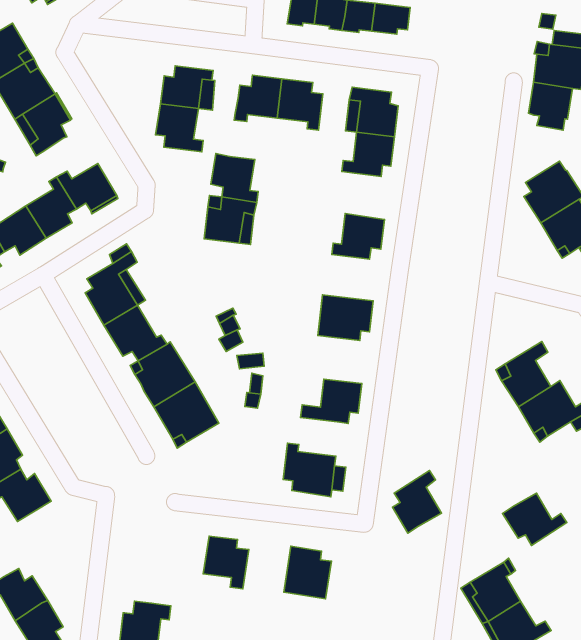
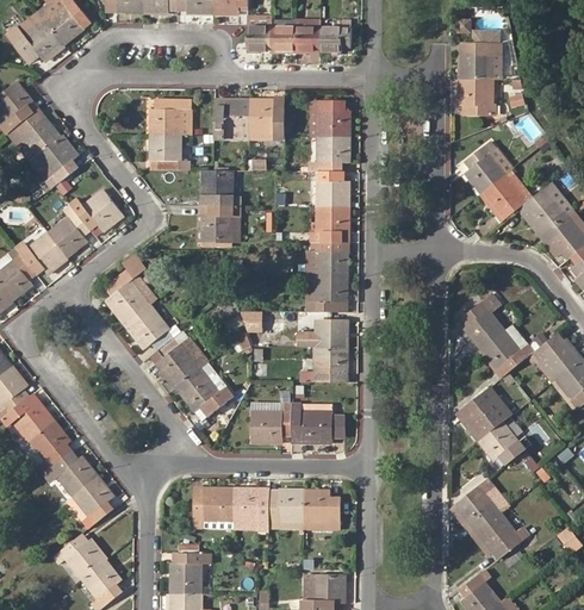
building: none -> [316,172,349,207]
building: none -> [305,242,348,276]
building: none -> [315,311,348,347]
building: none -> [250,403,291,443]
building: [392,470,441,533] -> [462,386,504,441]
building: none -> [67,477,114,528]
building: none -> [193,488,235,529]
building: none -> [268,490,304,530]

